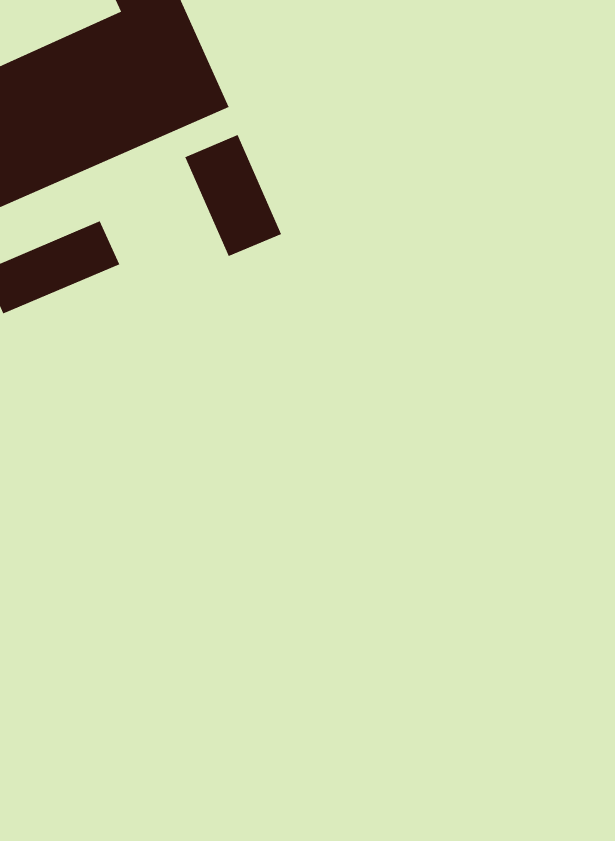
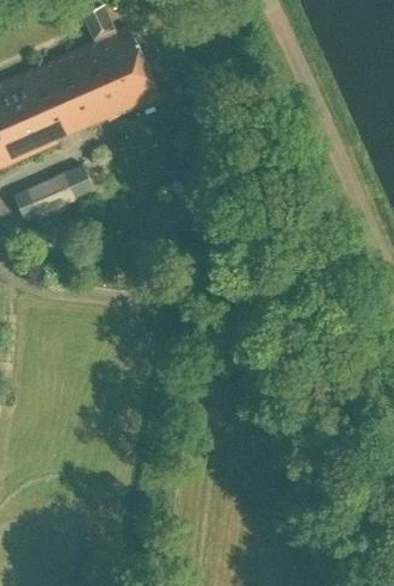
building: [184,134,282,257] -> none

